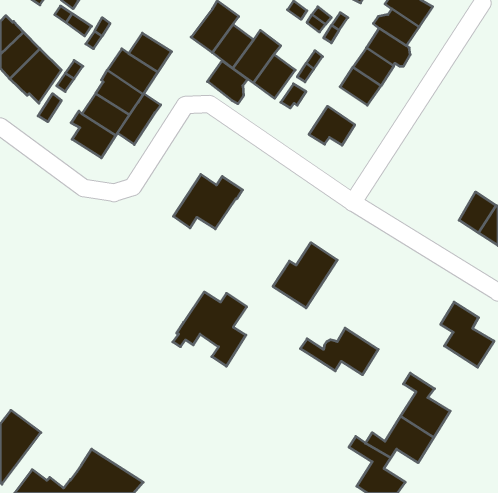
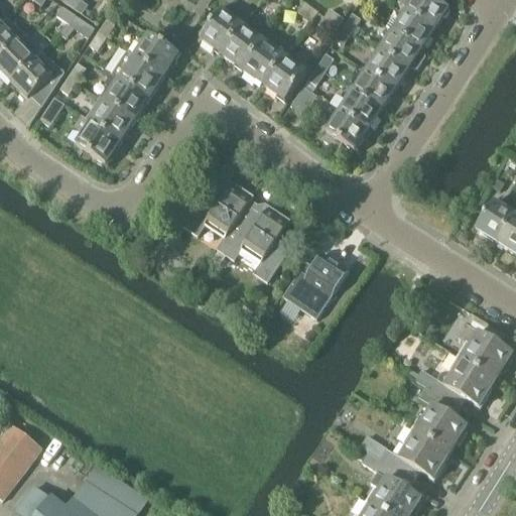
building: [207,61,248,104] -> none
building: none -> [339,90,380,129]
building: [117,94,161,145] -> none
building: [173,292,247,366] -> [212,206,288,282]
building: [300,328,378,375] -> [413,358,494,406]

